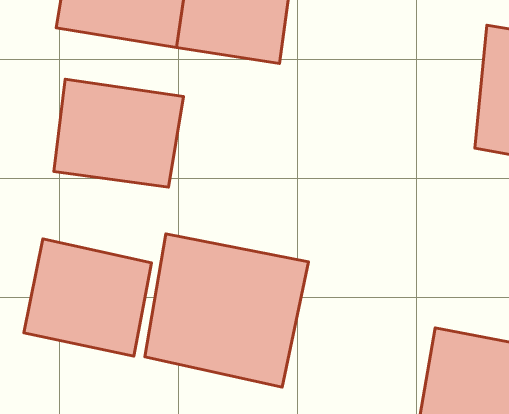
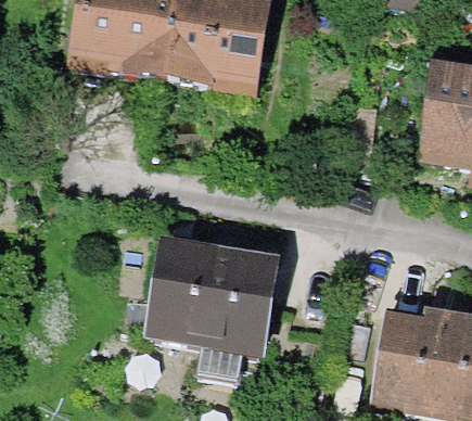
building: [54,79,184,187] -> none
building: [24,239,151,356] -> none

